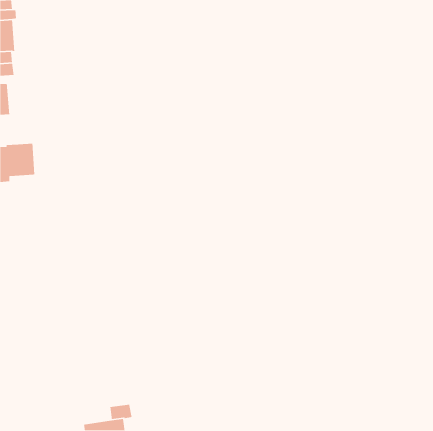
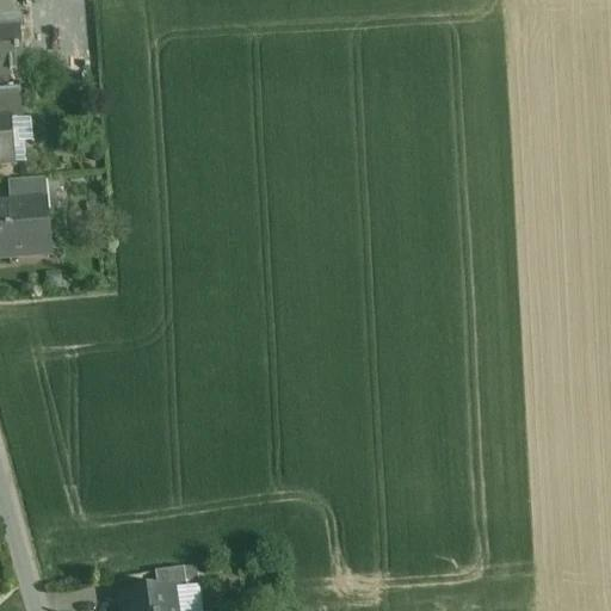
building: none -> [7,177,45,202]

